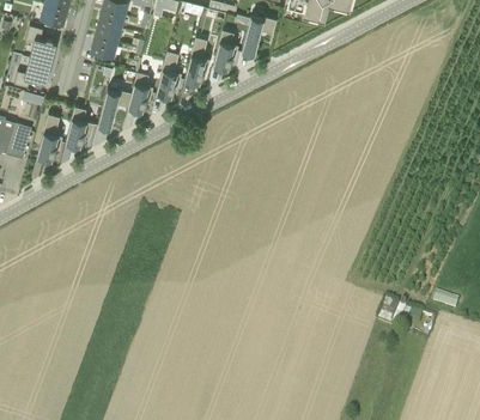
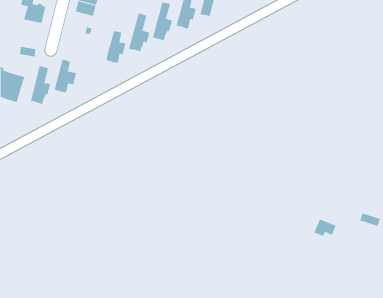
building: [14,60,51,89] -> none
building: [98,91,132,130] -> none

